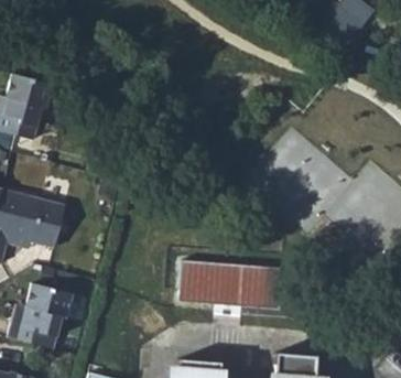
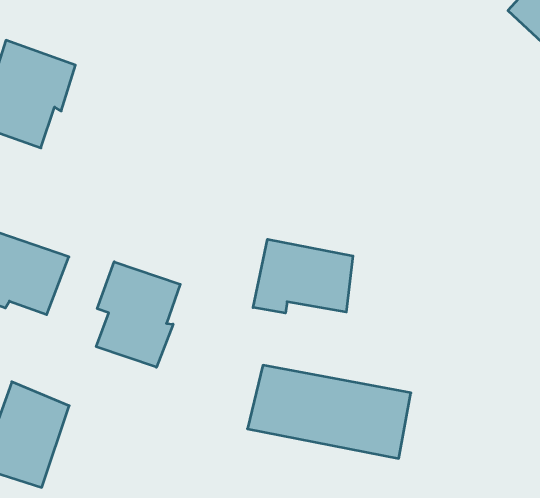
building: none -> [253,239,353,313]
building: none -> [96,262,180,367]

